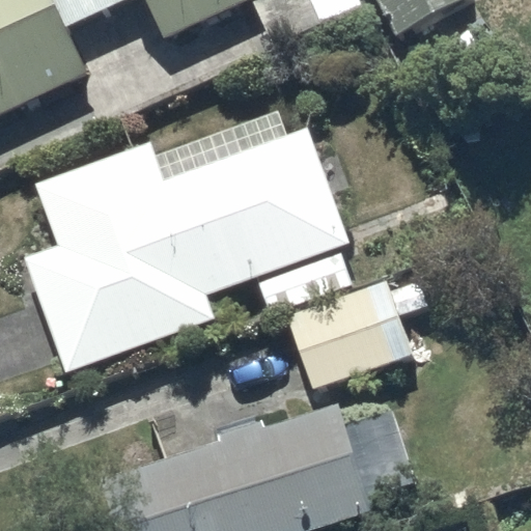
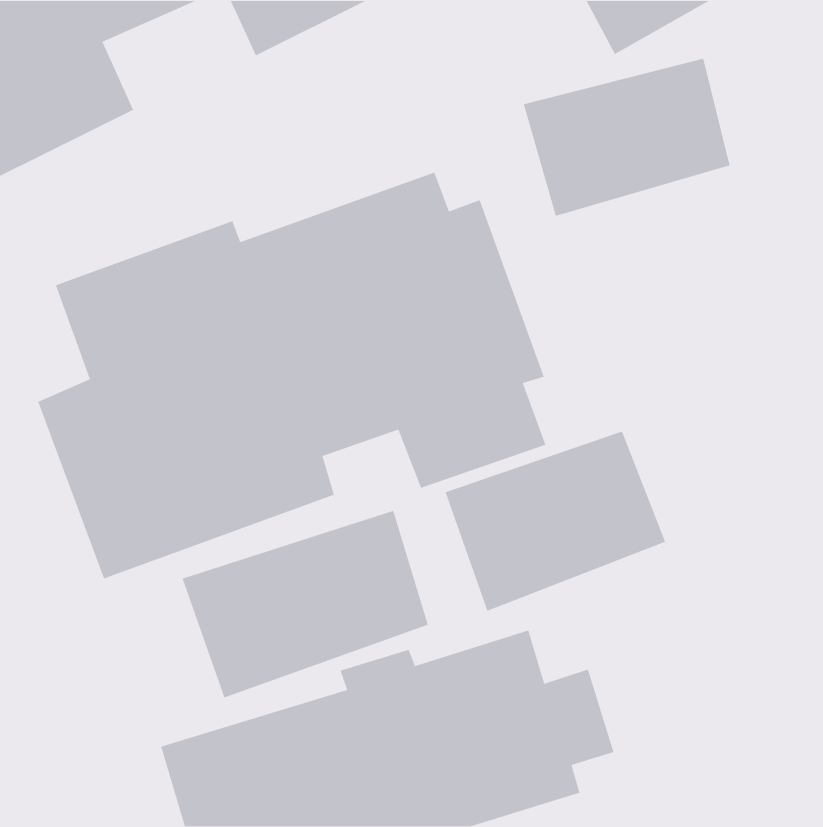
building: none -> [523,58,731,217]
building: none -> [182,510,429,698]

